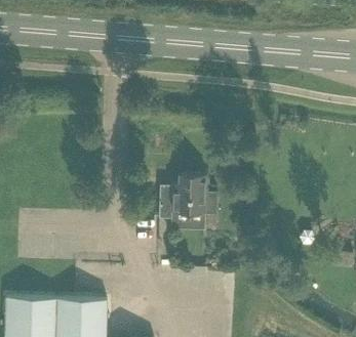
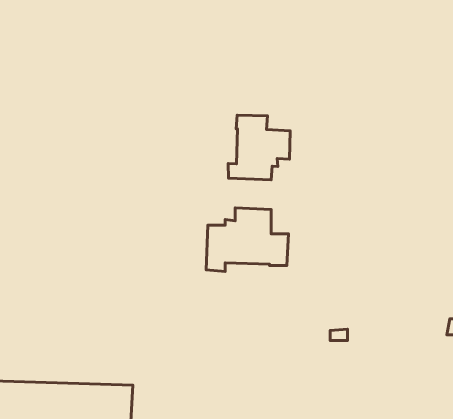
building: none -> [228,115,290,180]

